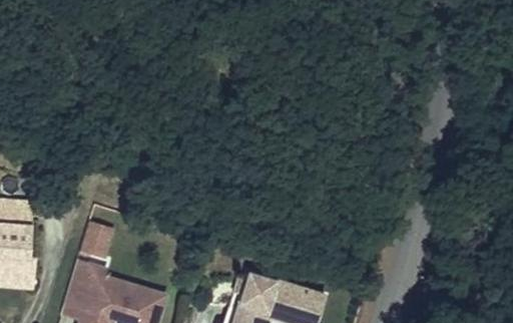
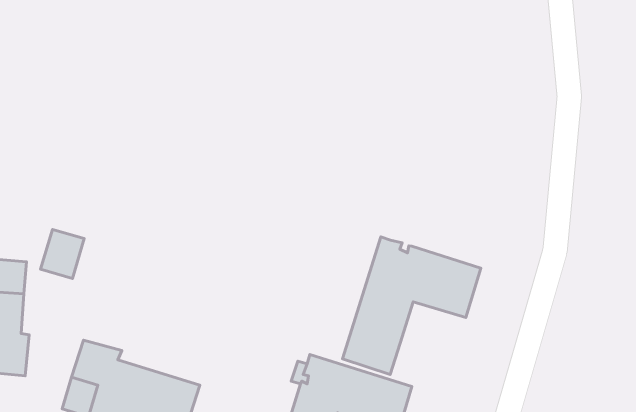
building: none -> [343,237,481,375]
building: [80,221,113,258] -> [41,229,84,278]

